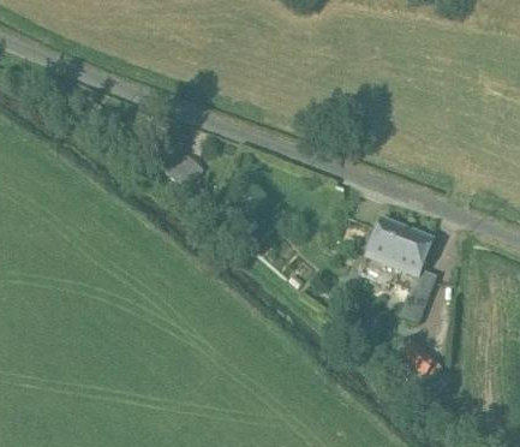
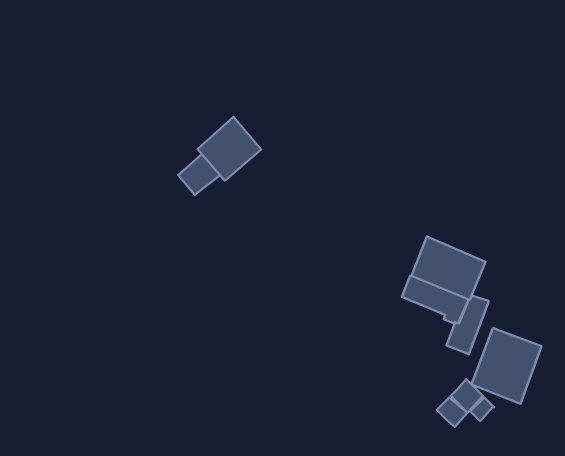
building: none -> [197,117,261,180]
building: none -> [471,328,541,404]

